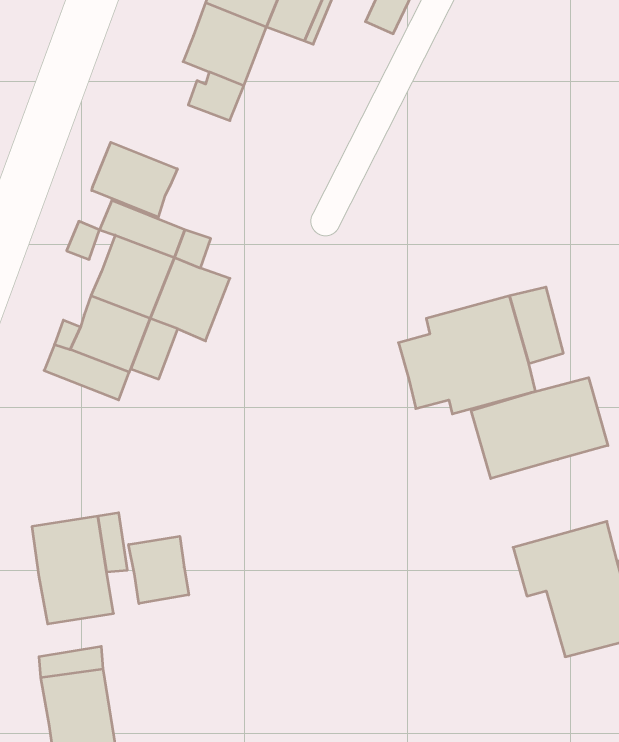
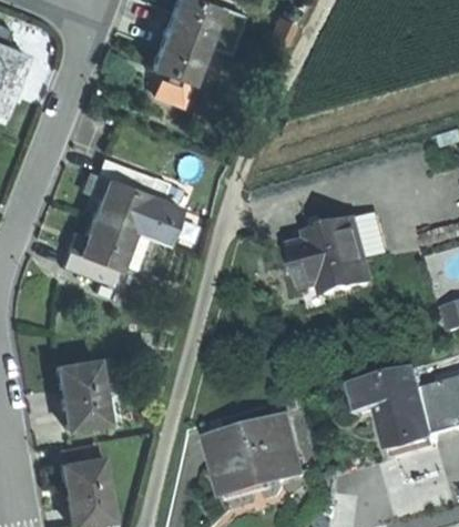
building: [92,142,177,217] -> none
building: [471,378,608,479] -> none
building: [129,536,189,604] -> none
building: none -> [216,418,308,495]

